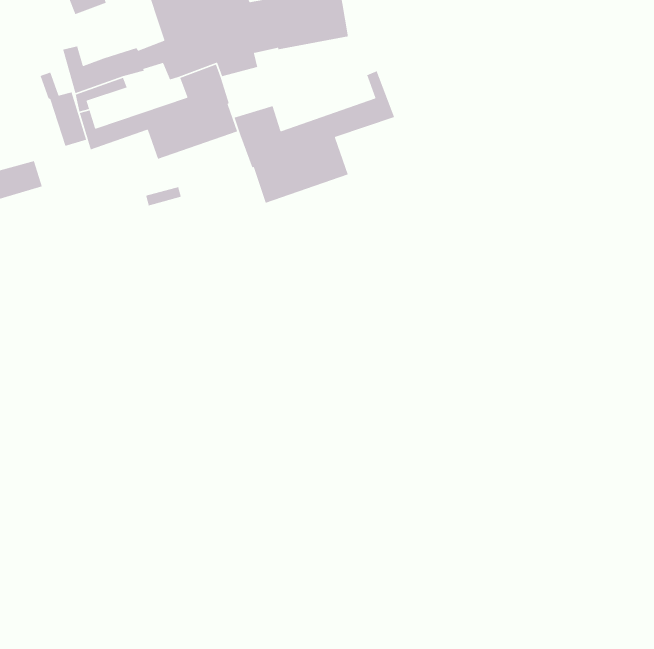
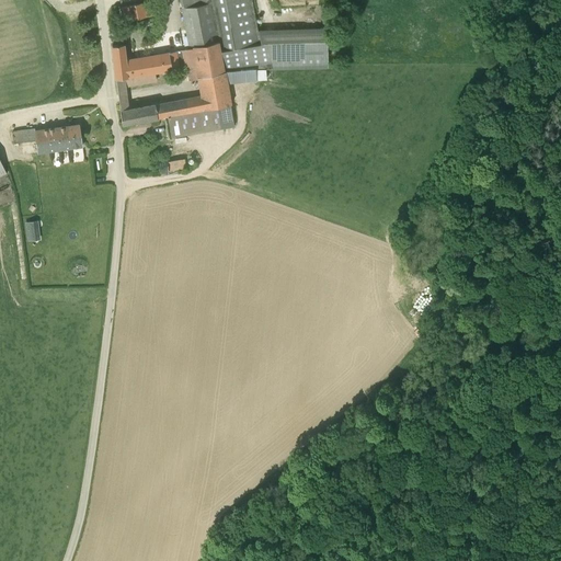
building: [233,70,395,204] -> none
building: [40,71,87,147] -> none

